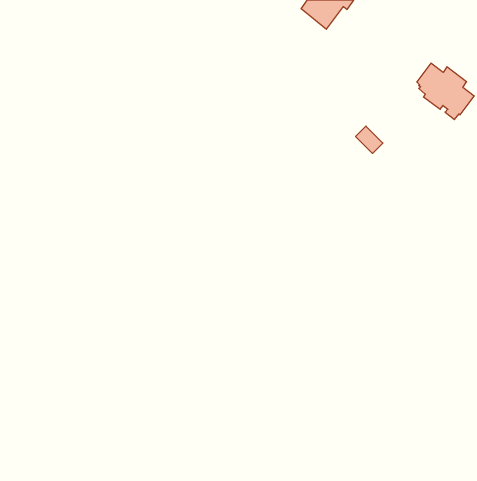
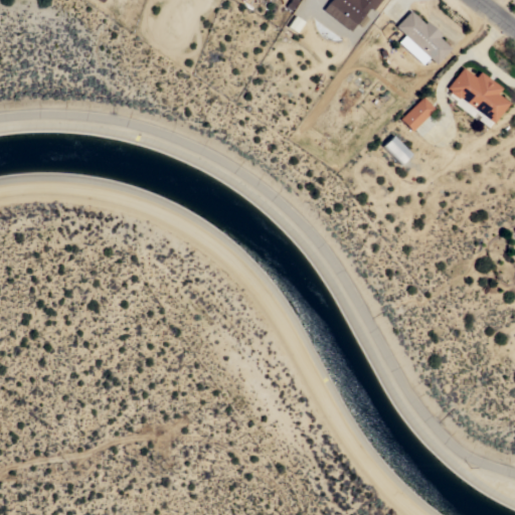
building: none -> [397,10,453,63]
building: none -> [402,97,437,131]

